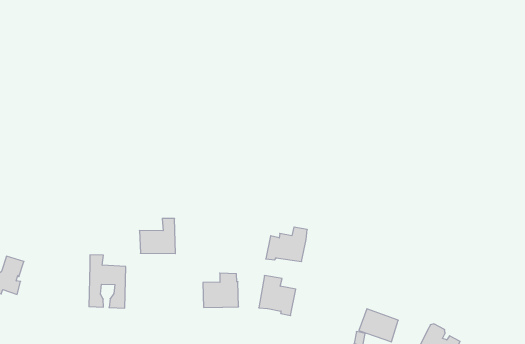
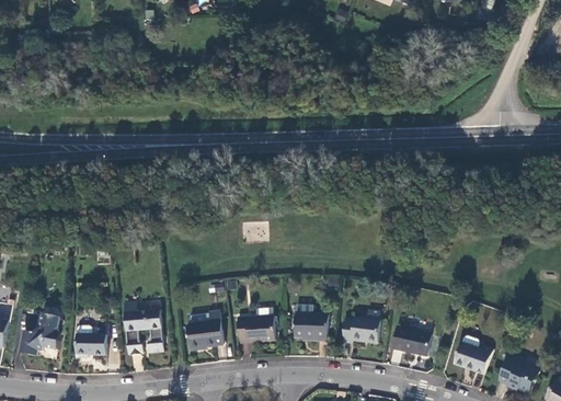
building: [139,218,175,254] -> [185,310,222,347]
building: [266,227,307,262] -> [341,307,378,341]
building: none -> [76,333,104,356]

